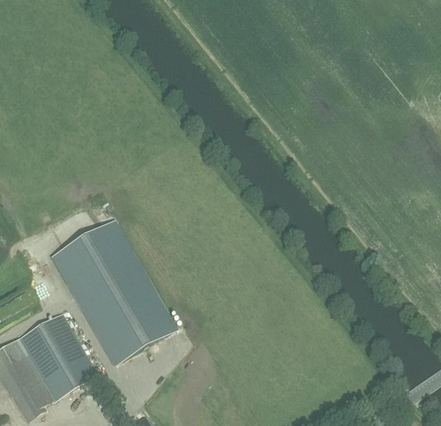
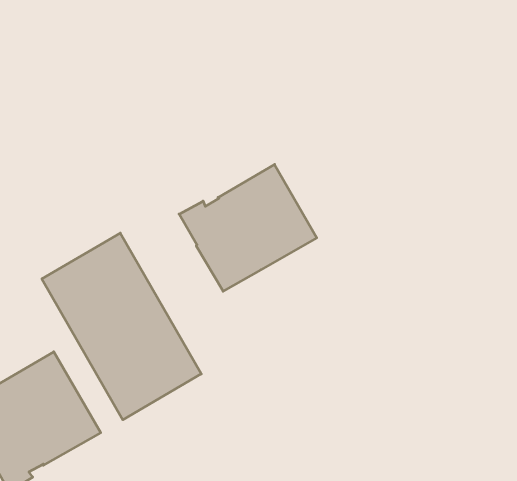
building: none -> [179,164,317,291]

